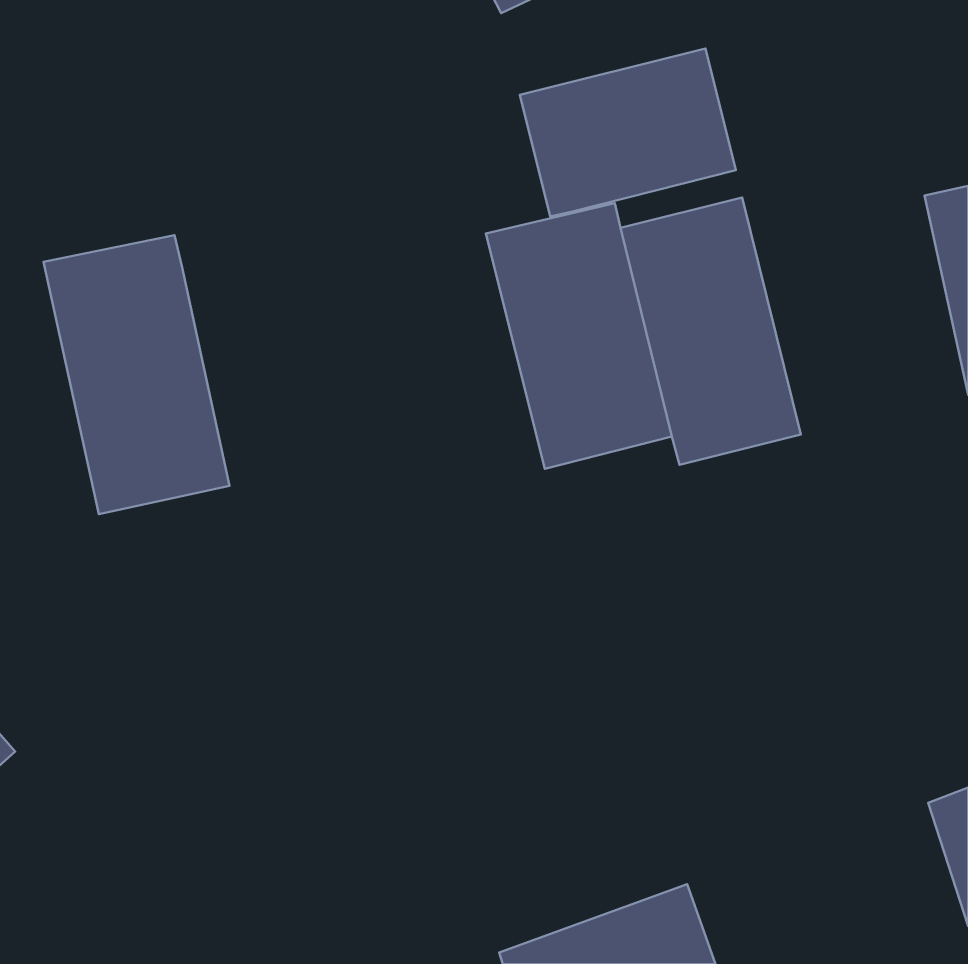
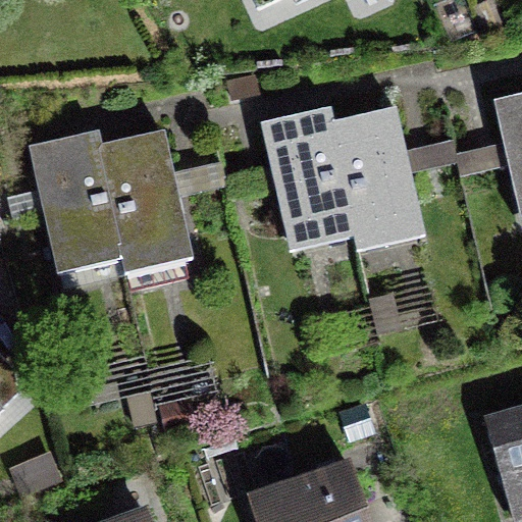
building: [520,48,736,216] -> none
building: none -> [98,130,188,268]

